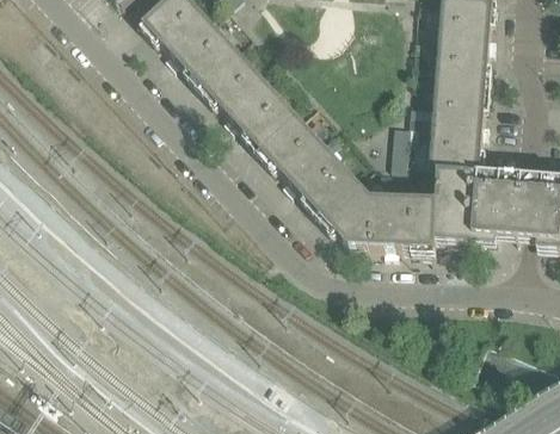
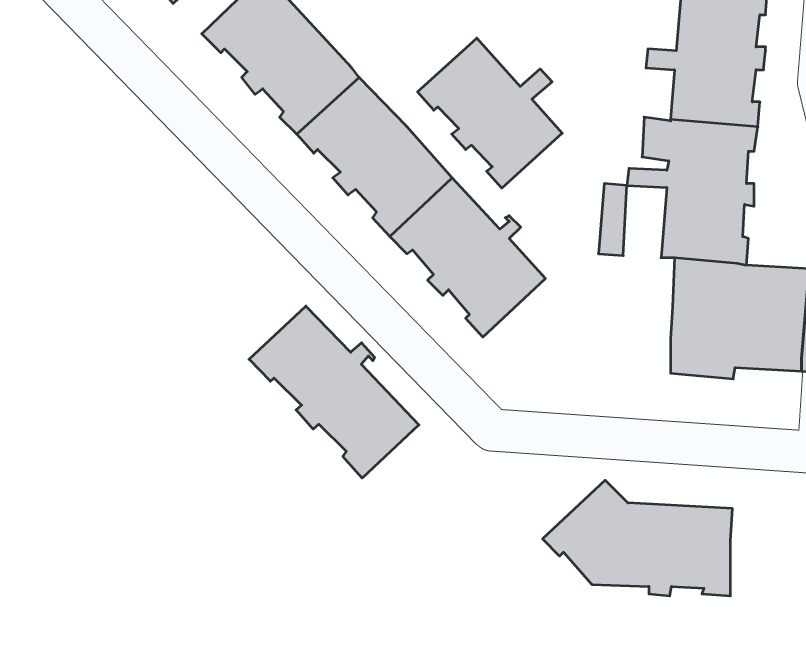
building: none -> [418,38,562,188]
building: [318,179,437,252] -> [543,480,732,596]
building: none -> [249,306,419,478]

